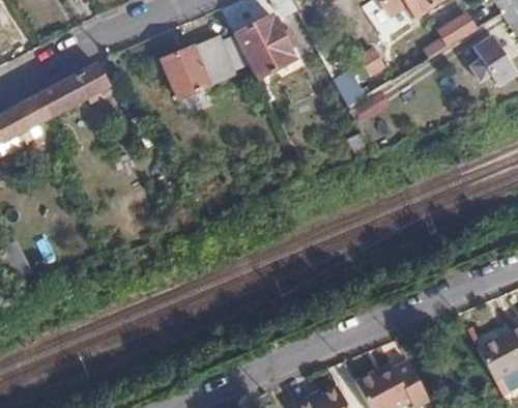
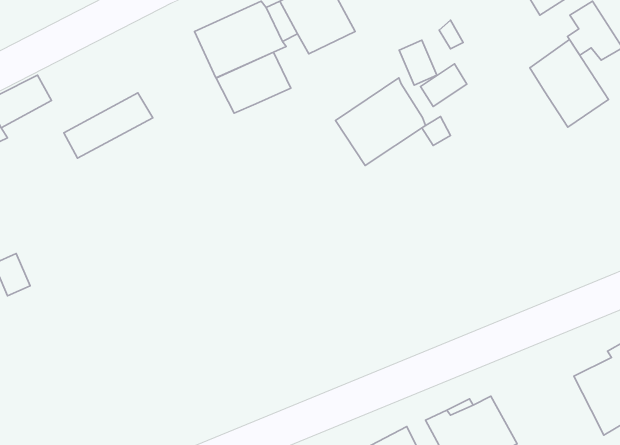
building: [33,63,107,117] -> [64,93,153,158]
building: none -> [530,39,609,127]
building: none -> [216,52,291,113]
building: none -> [335,78,426,166]

